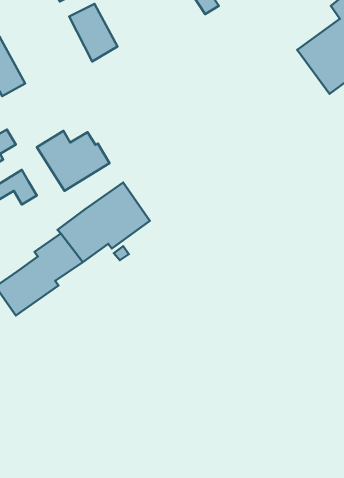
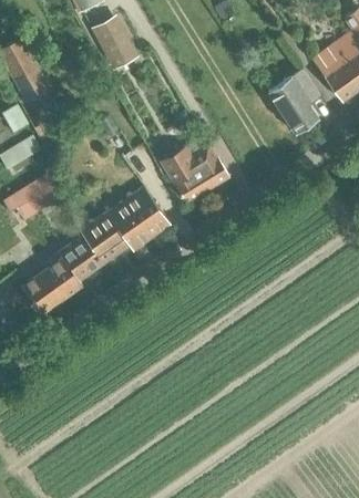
building: none -> [267,69,320,134]
building: [37,131,109,191] -> [160,146,229,204]

